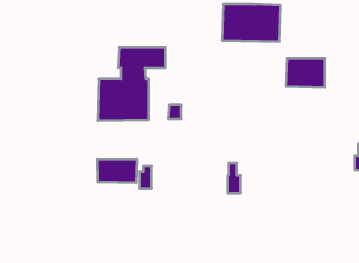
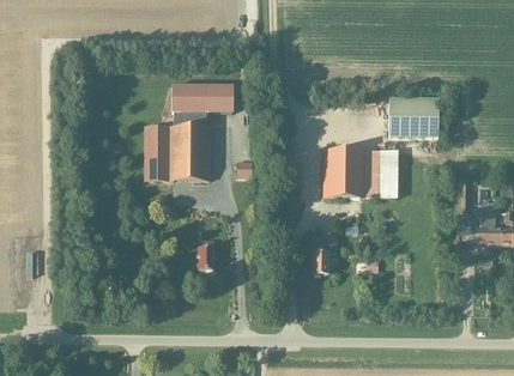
building: [222,4,280,41] -> [323,148,399,196]
building: [97,159,137,183] -> none

